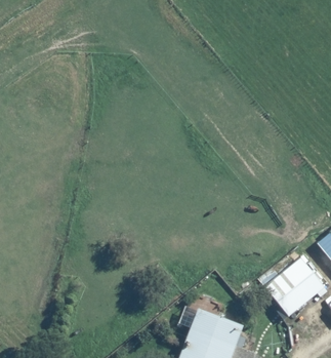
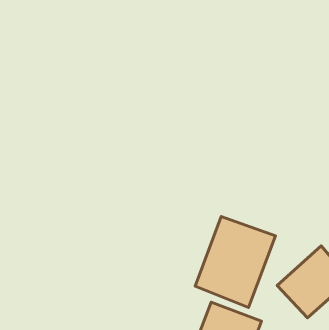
building: none -> [195,217,275,307]

